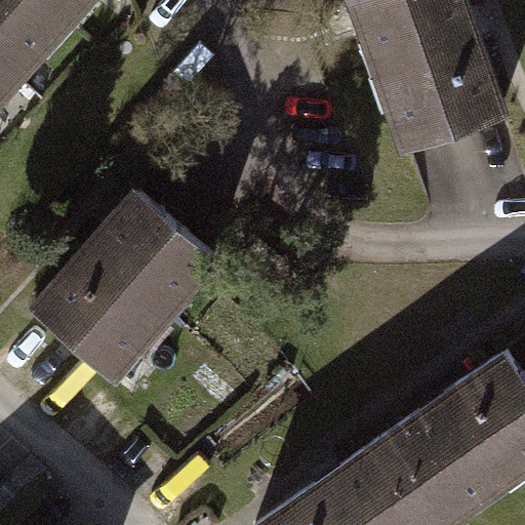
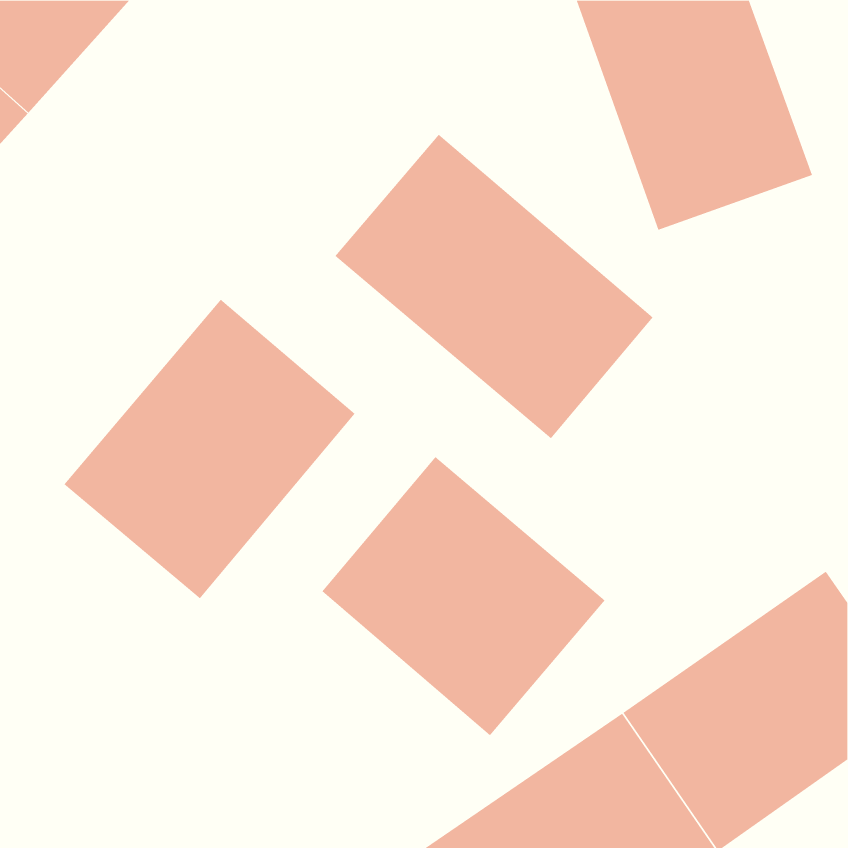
building: none -> [334,134,654,439]
building: none -> [321,456,606,736]

